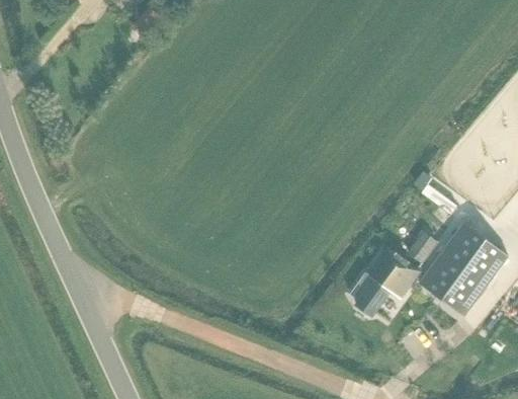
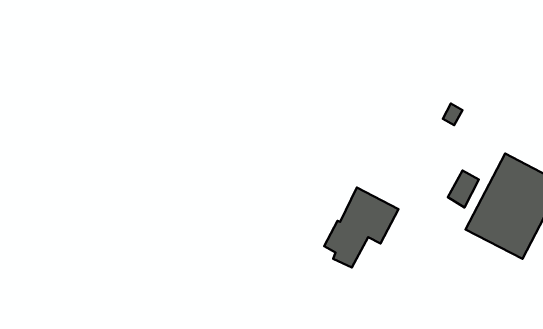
building: [350,246,420,315] -> [324,188,399,268]

